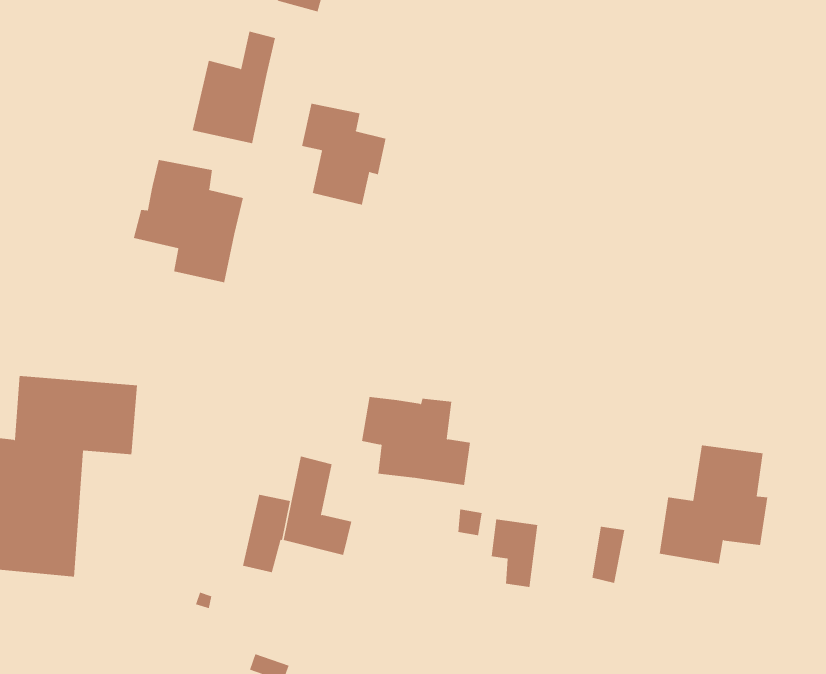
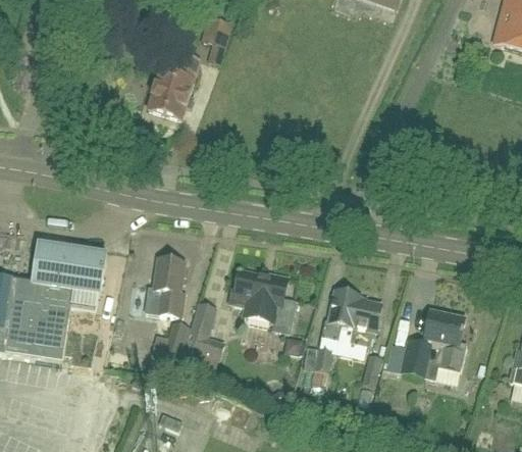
building: [301,103,386,205] -> none
building: [133,159,244,283] -> none
building: none -> [146,256,185,314]
building: none -> [321,289,381,345]

